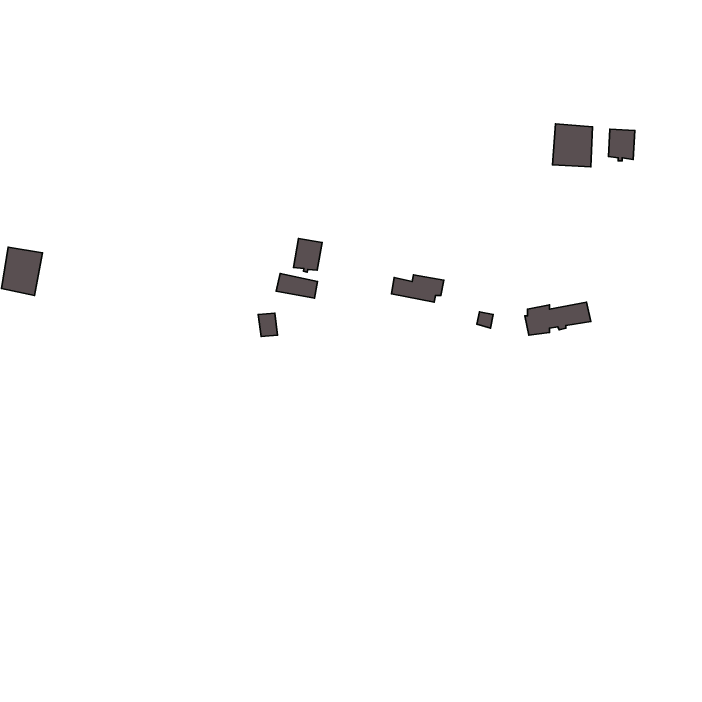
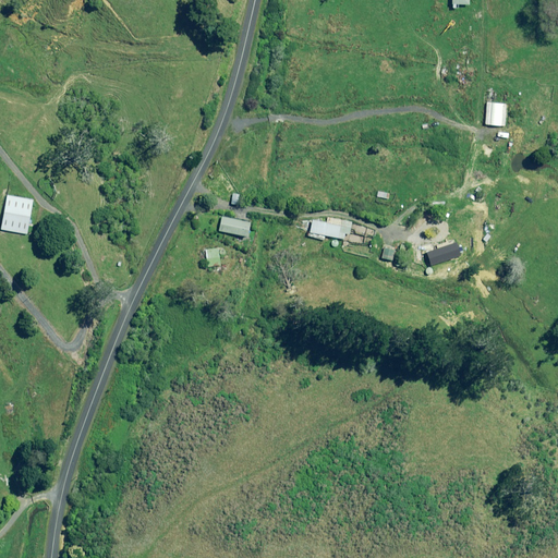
building: [552,124,592,167] -> none
building: [293,238,322,272] -> none

